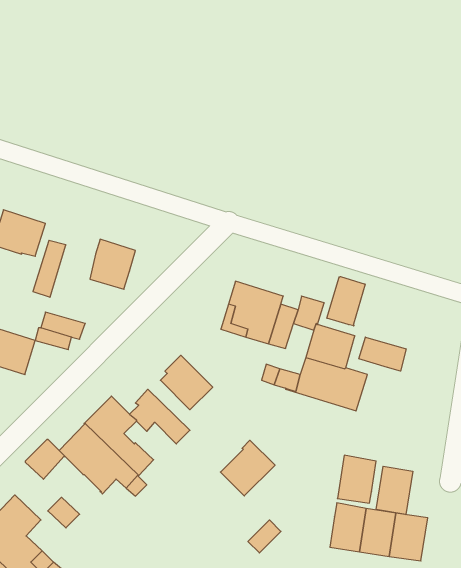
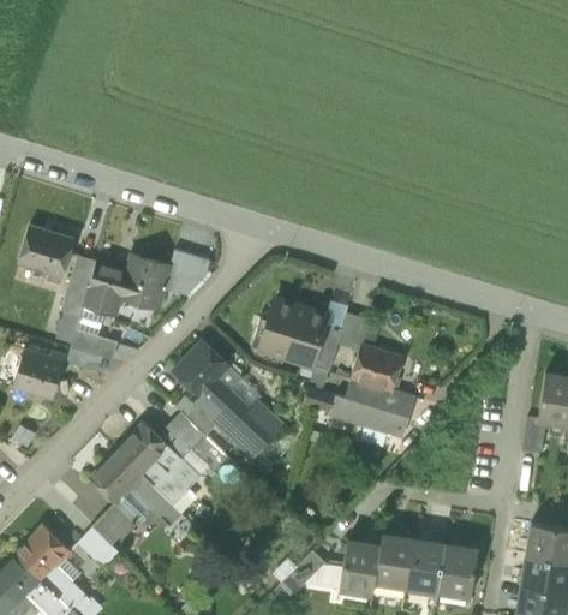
building: none -> [165,251,210,297]
building: none -> [84,262,128,315]
building: [327,277,365,326] -> none
building: none -> [175,341,229,396]
building: [359,337,406,371] -> none
building: [25,440,65,479] -> [92,504,134,547]
building: [220,440,275,496] -> [228,402,286,461]
building: [337,455,376,503] -> [340,543,381,593]
building: [376,466,413,515] -> none

